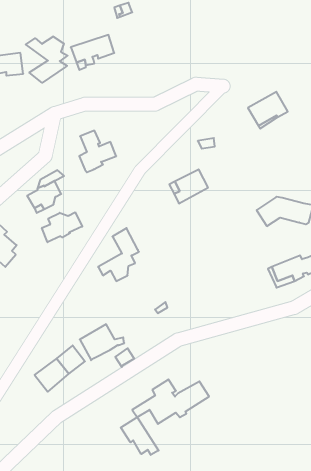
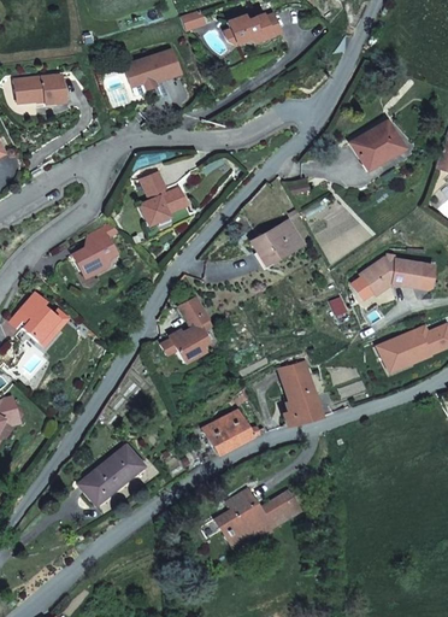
building: none -> [226,14,281,45]
building: [26,36,68,83] -> none
building: [42,212,82,242] -> none
building: none -> [281,362,336,427]
building: [80,324,124,360] -> [205,410,261,456]
building: [121,417,159,455] -> none

